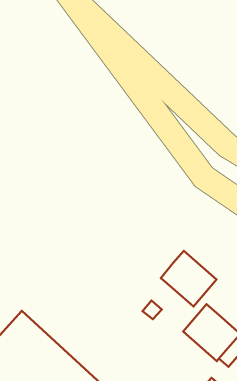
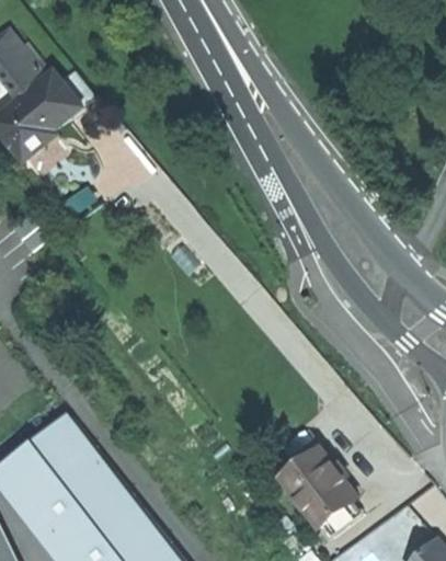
building: [161,251,217,307] -> none

